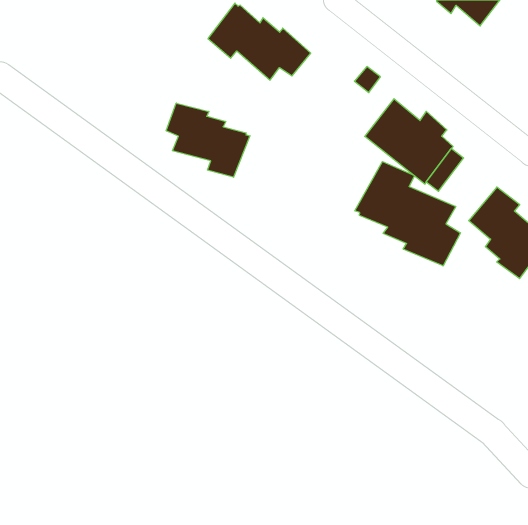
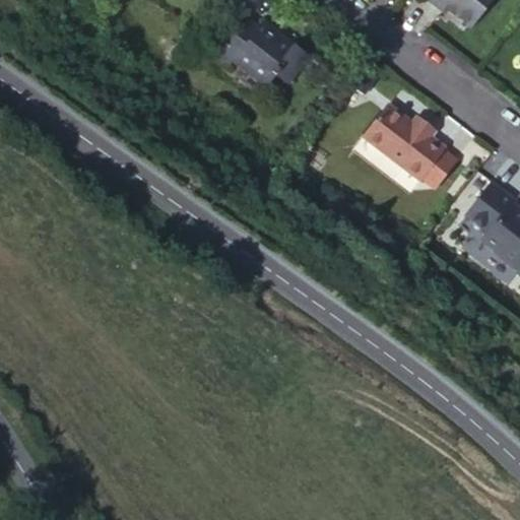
building: [166,103,250,177] -> none
building: [355,162,460,266] -> none

